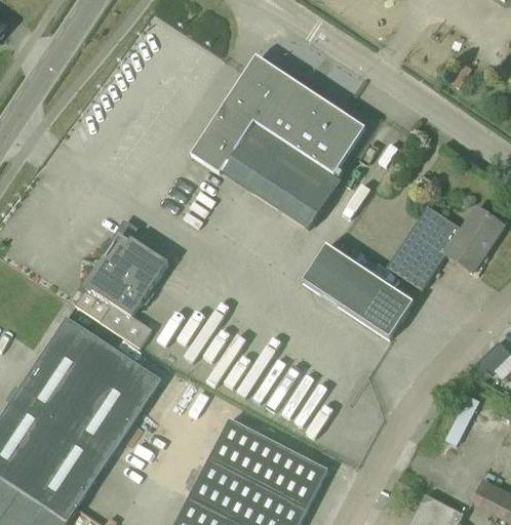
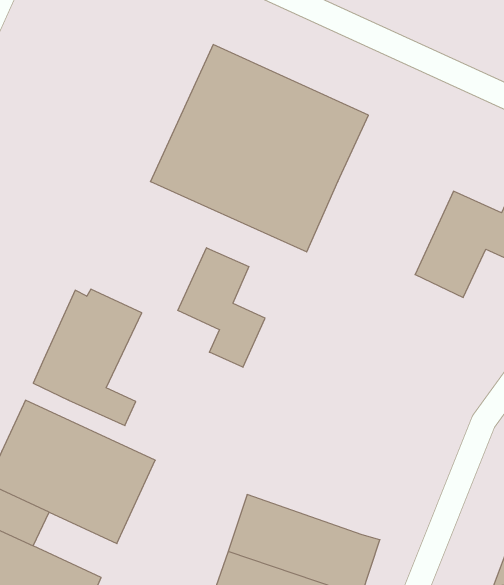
building: none -> [178,248,265,367]
building: [303,243,414,337] -> none
building: [55,406,121,463] -> none

